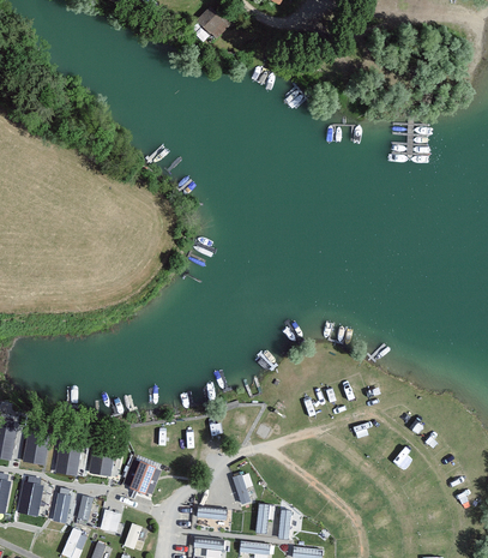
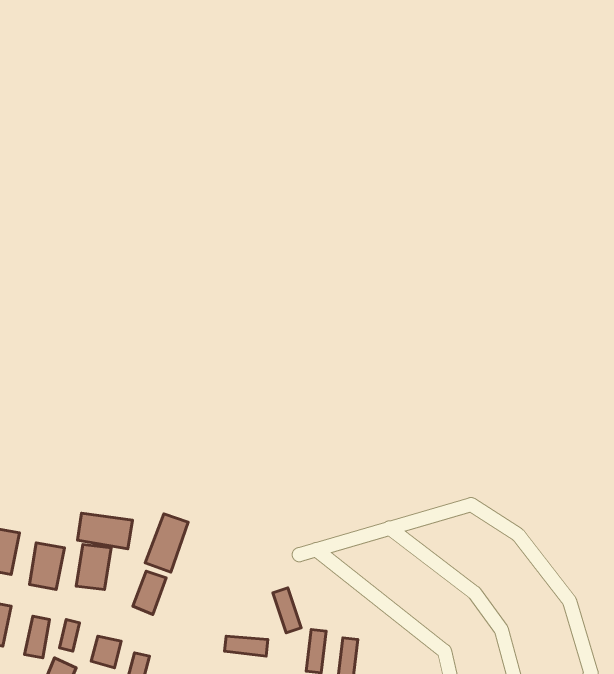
building: none -> [77,513,132,549]
building: none -> [145,514,188,572]

